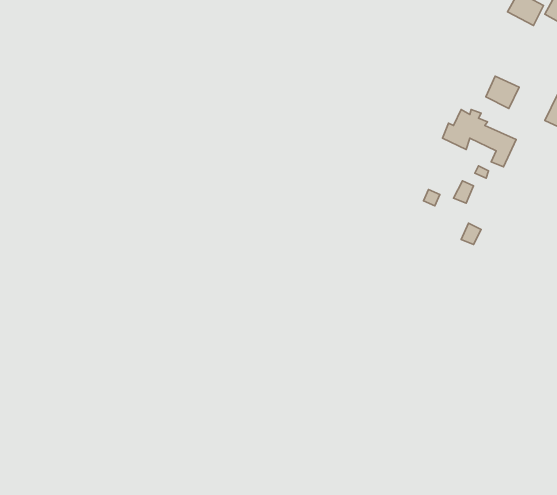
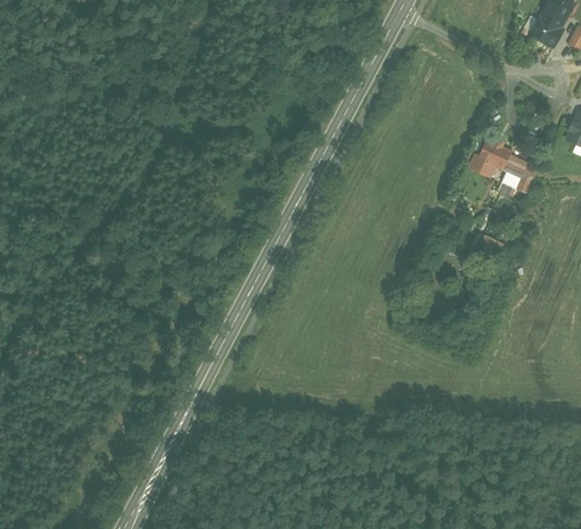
building: [486,76,519,108] -> none

